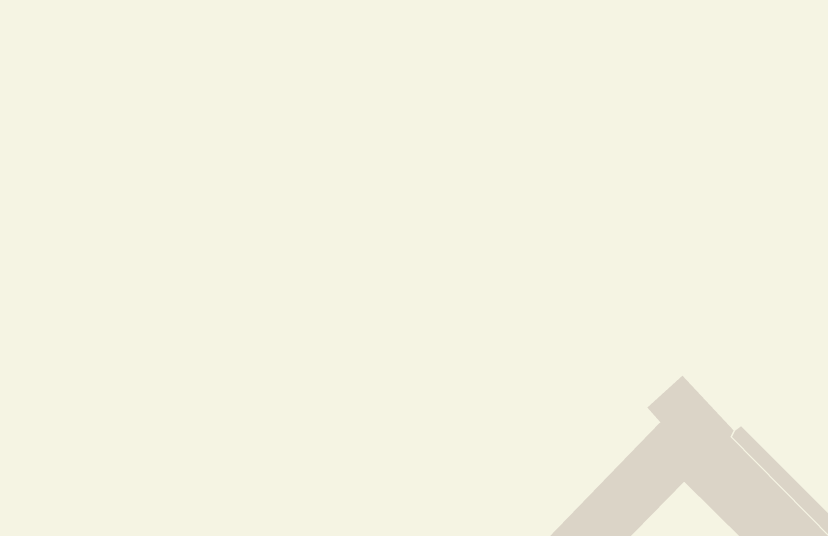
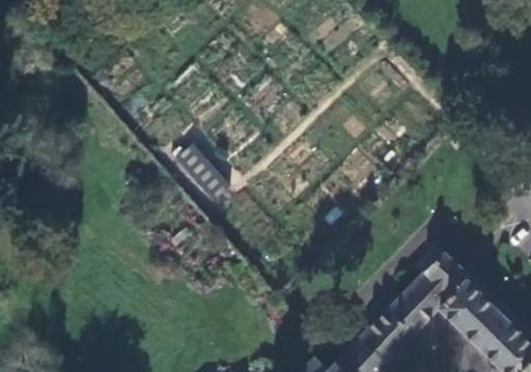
building: none -> [176,146,228,198]

